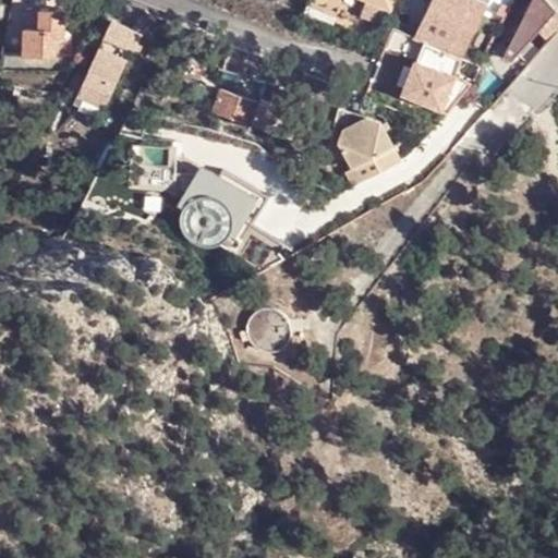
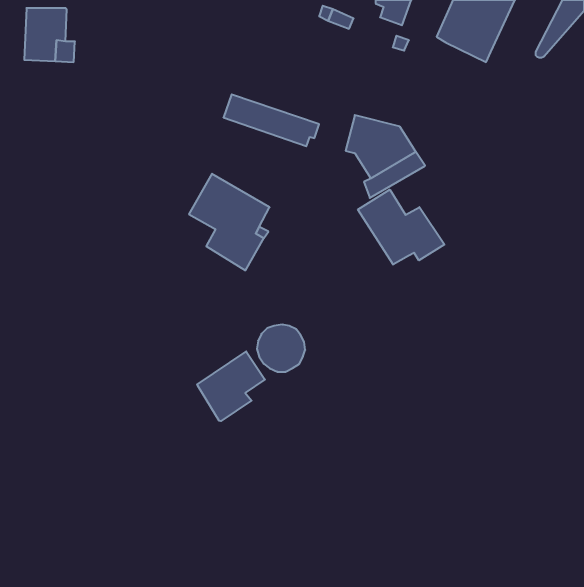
building: [74,22,140,111] -> none
building: [398,41,468,113] -> none
building: none -> [358,190,444,265]
building: none -> [197,351,265,421]

